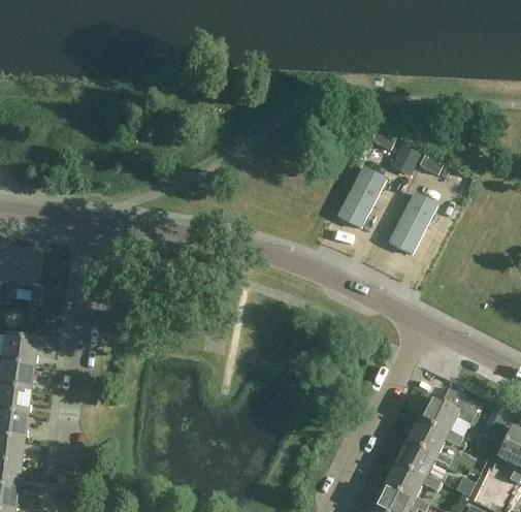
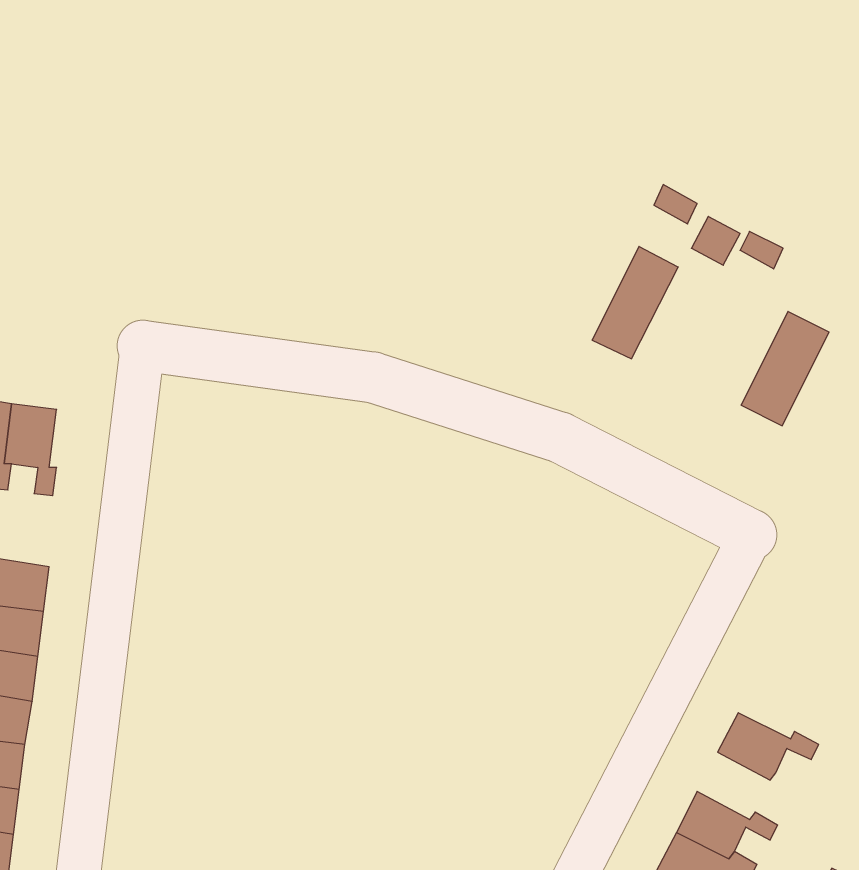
building: [387,190,435,253] -> [741,311,829,426]
building: [417,389,479,436] -> none
building: [394,443,450,480] -> none

